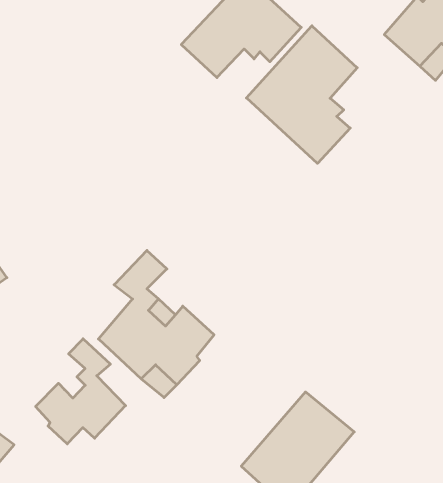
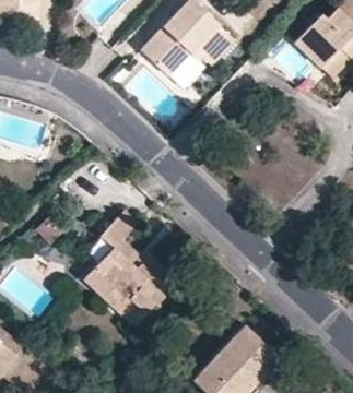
building: [246,26,357,163] -> none
building: [36,339,126,444] -> none

